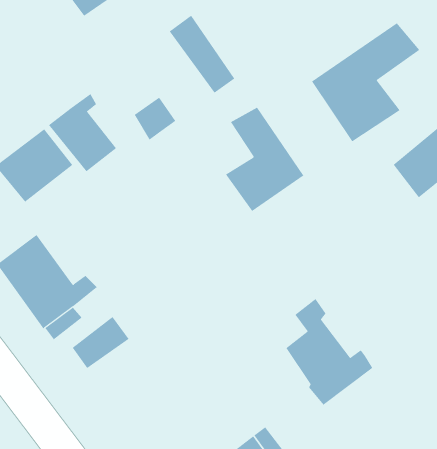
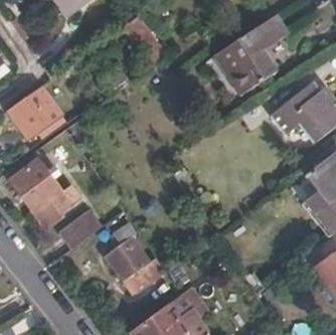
building: [48,93,117,172] -> none
building: [225,107,304,212] -> none
building: [285,298,373,406] -> [105,221,163,293]

